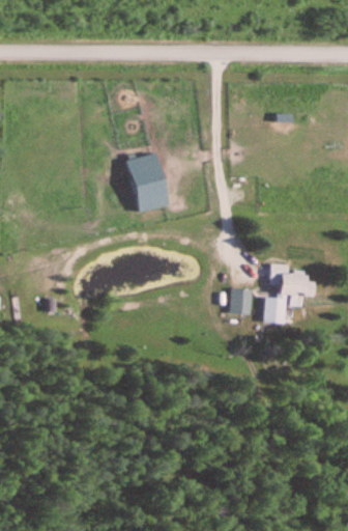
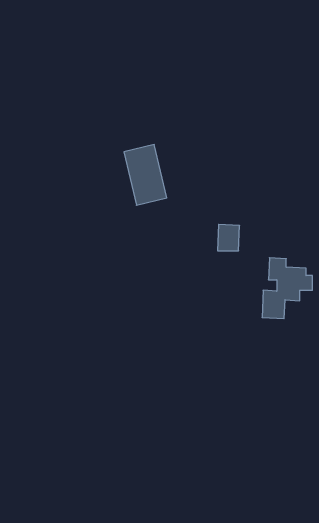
building: [230,288,252,314] -> [218,224,240,251]

